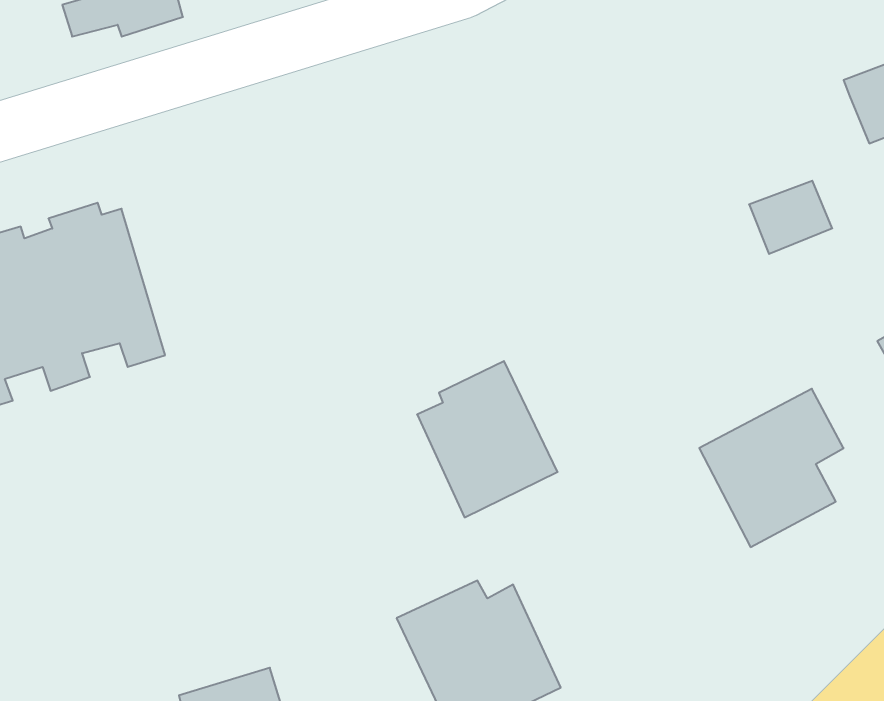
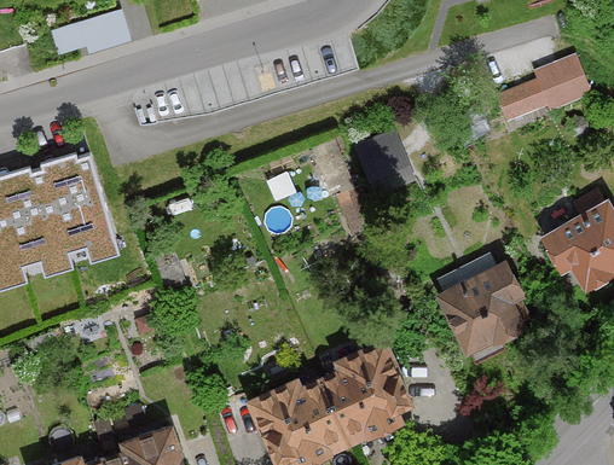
building: none -> [344,133,404,187]
building: [749,181,832,254] -> [491,85,541,129]
building: [417,361,558,517] -> [324,350,410,446]

